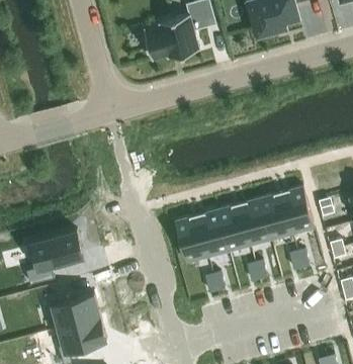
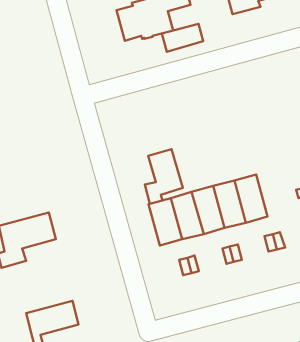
building: none -> [162,24,203,52]
building: none -> [145,149,183,204]
building: [281,186,315,234] -> none
building: [45,291,100,329] -> none

